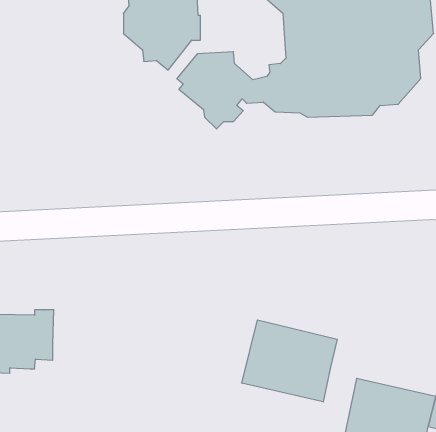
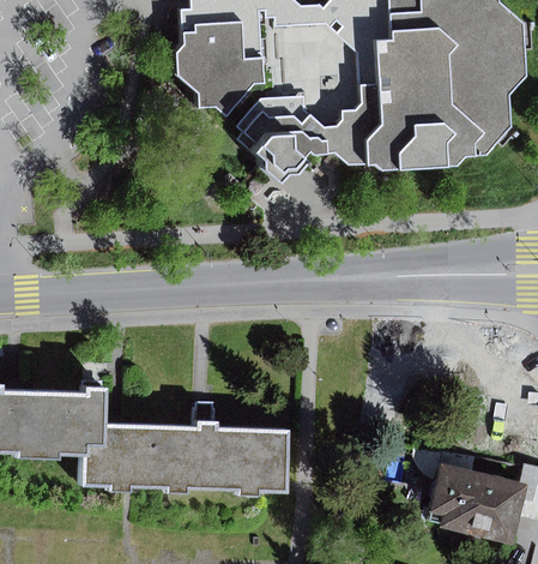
building: [242,320,337,402] -> none
building: none -> [74,420,280,494]

